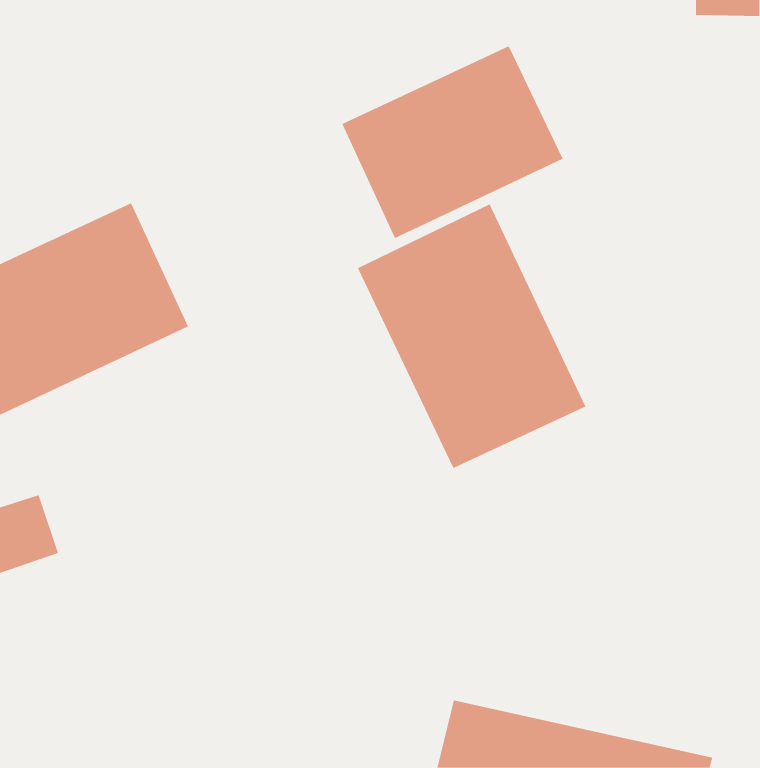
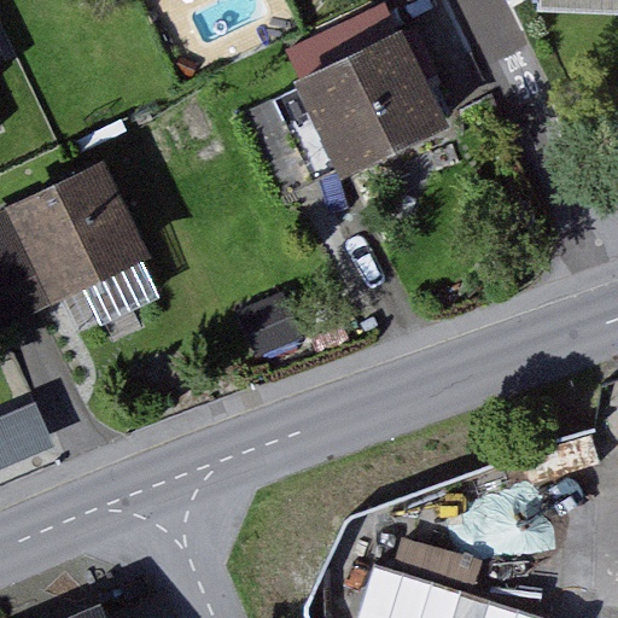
building: [357,203,586,469] -> none

